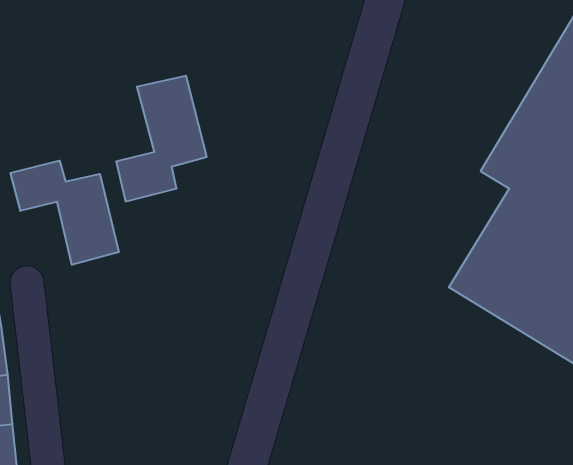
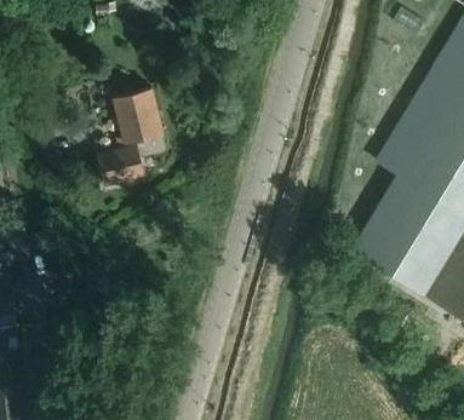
building: [10,161,119,265] -> none

